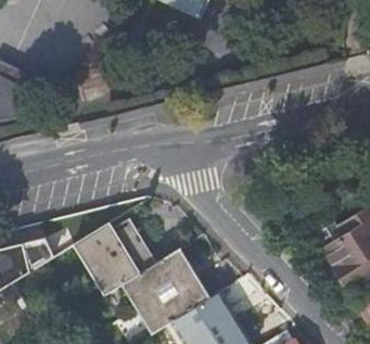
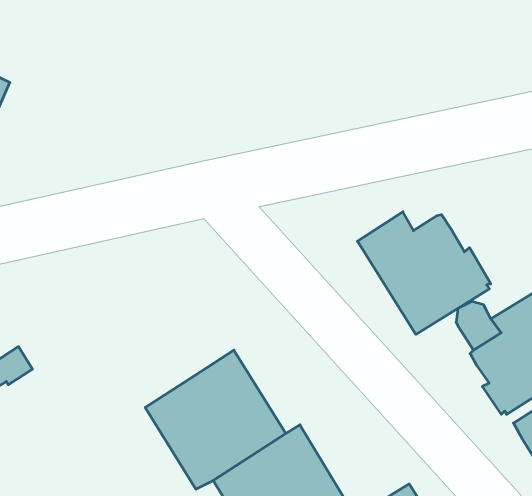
building: none -> [357,212,491,334]
building: [72,222,152,293] -> none

